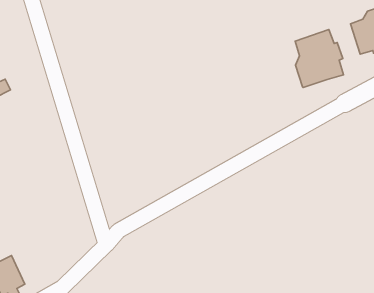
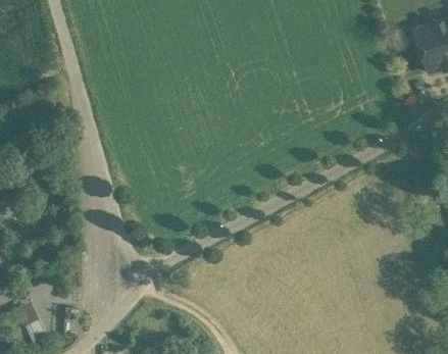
building: [295,30,344,88] -> none

